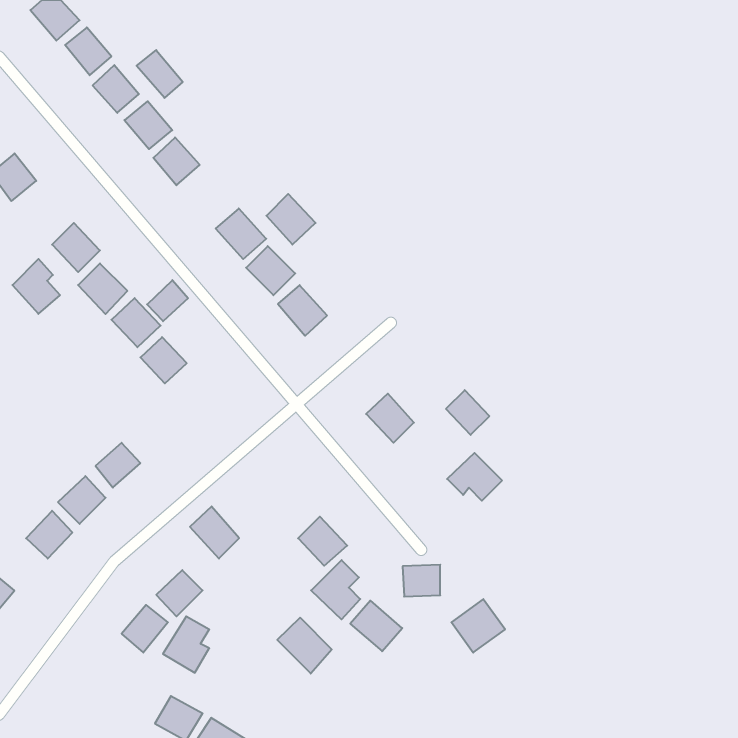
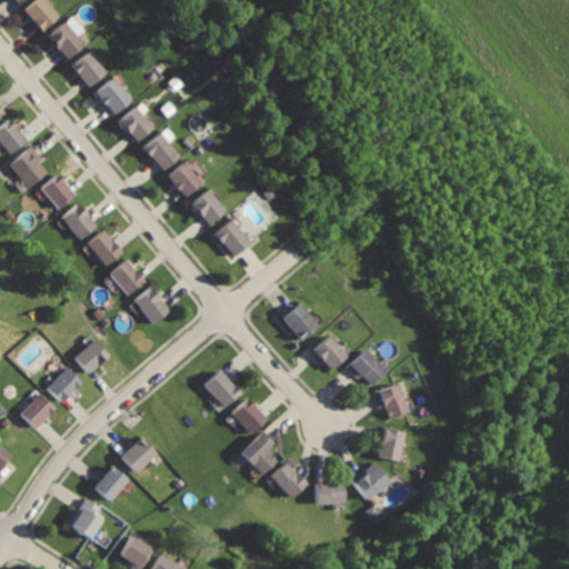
building: [137,50,183,98] -> none
building: [266,194,316,245] -> [142,132,180,171]
building: [12,259,60,314] -> [12,146,49,188]
building: [147,280,188,321] -> none
building: none -> [132,286,173,327]
building: [446,390,489,435] -> [312,336,346,370]
building: none -> [370,383,408,419]
building: [190,506,239,559] -> [202,369,240,409]
building: none -> [379,428,406,460]
building: [403,565,440,597] -> [313,481,342,506]
building: [163,616,209,673] -> [68,498,103,541]
building: [277,618,332,674] -> none

